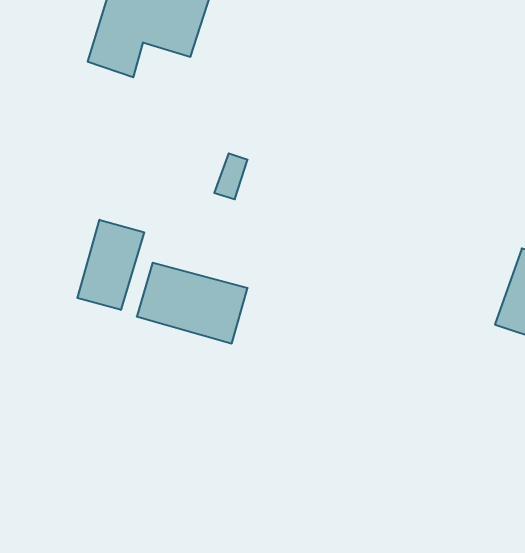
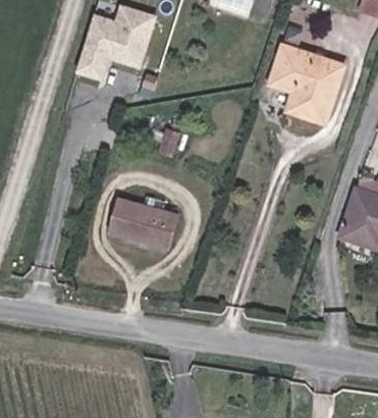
building: none -> [268,46,344,124]
building: [77,220,144,310] -> none

